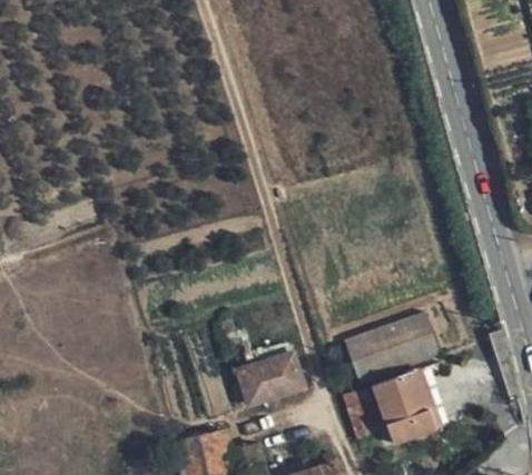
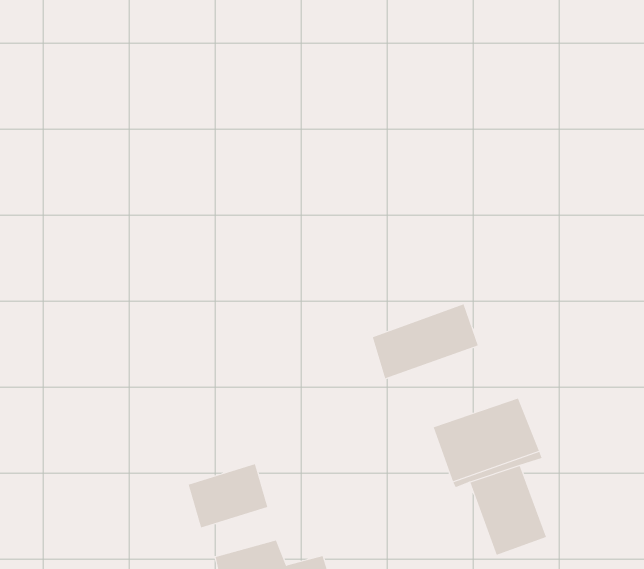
building: none -> [372,303,478,379]
building: [240,355,304,406] -> [188,463,268,528]

